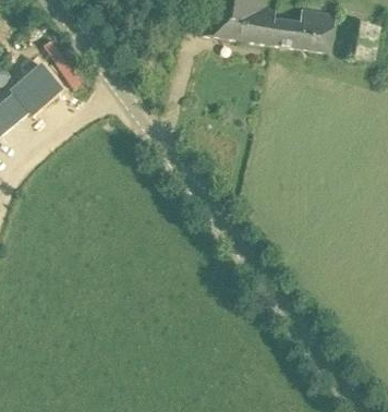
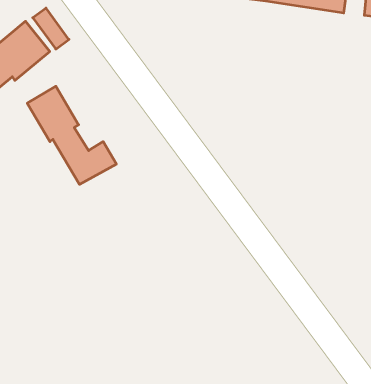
building: none -> [27,86,116,184]

